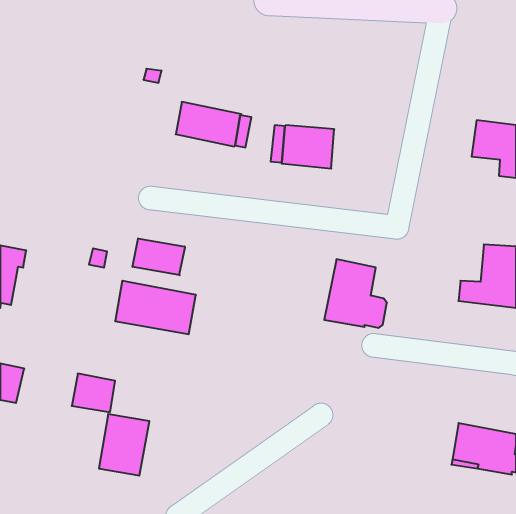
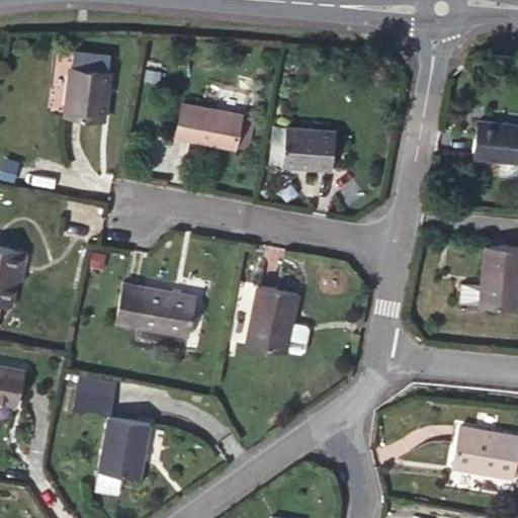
building: none -> [65,53,110,121]
building: [133,238,185,275] -> none
building: [324,259,387,328] -> [246,285,309,354]

